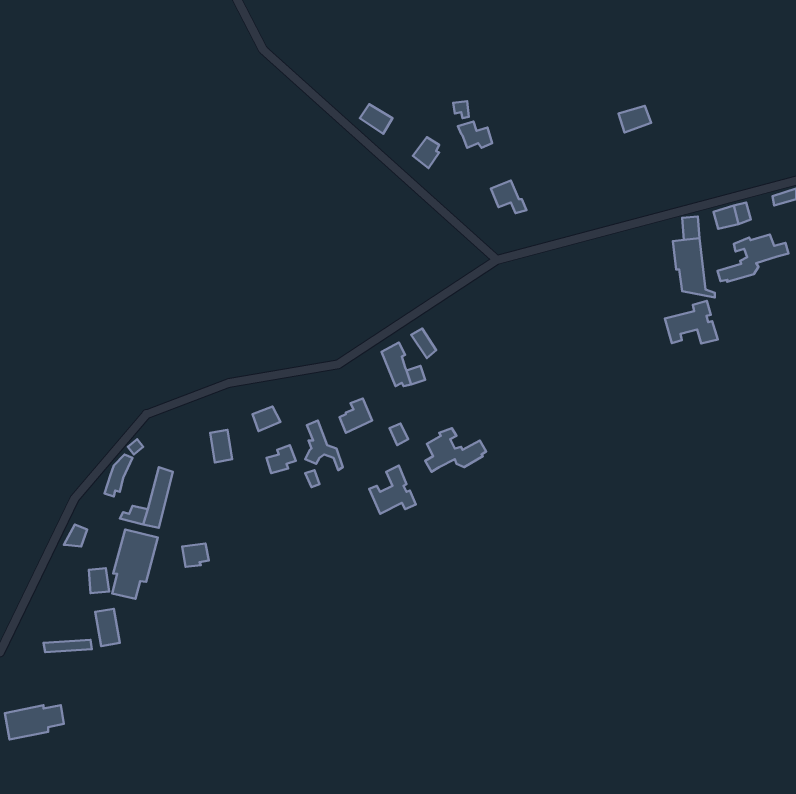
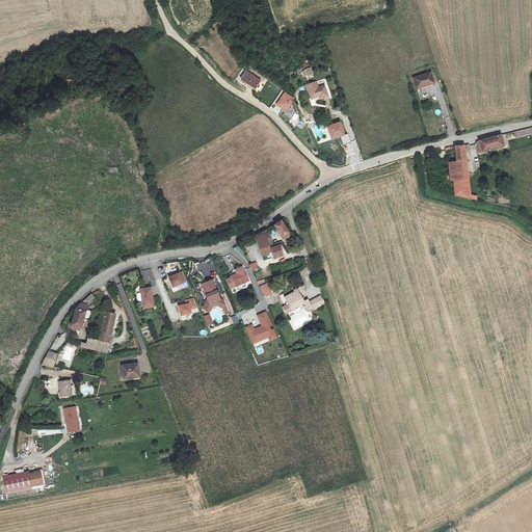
building: [717,235,788,282] -> none
building: [665,301,718,344] -> none
building: [112,529,158,599] -> none

